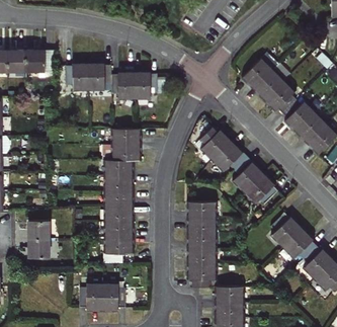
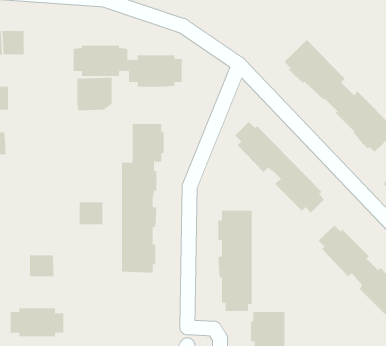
building: [24,51,55,79] -> [76,77,113,111]
building: [28,221,49,240] -> [79,202,103,225]
building: [79,285,124,310] -> [10,308,64,337]

